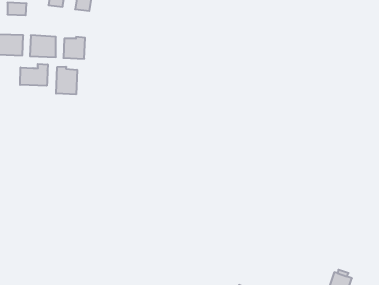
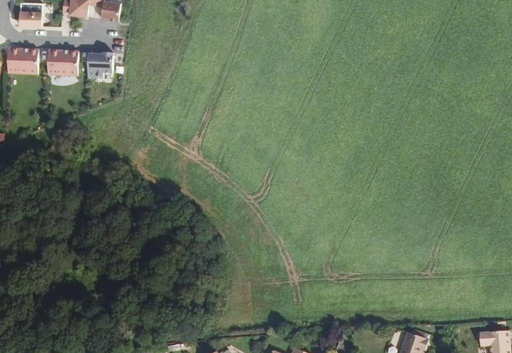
building: [20,64,48,86] -> none
building: [56,67,77,94] -> none

